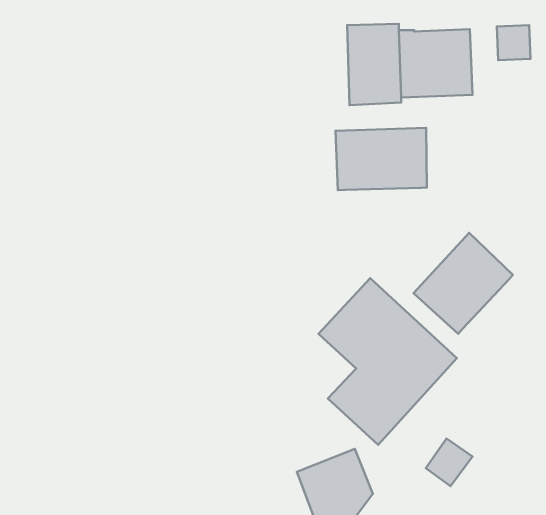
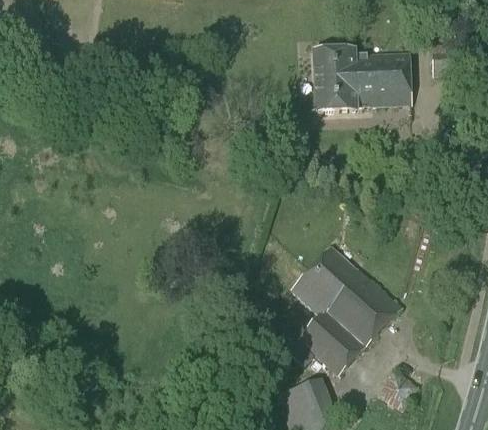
building: [336,128,427,190] -> none
building: [414,233,513,334] -> none

